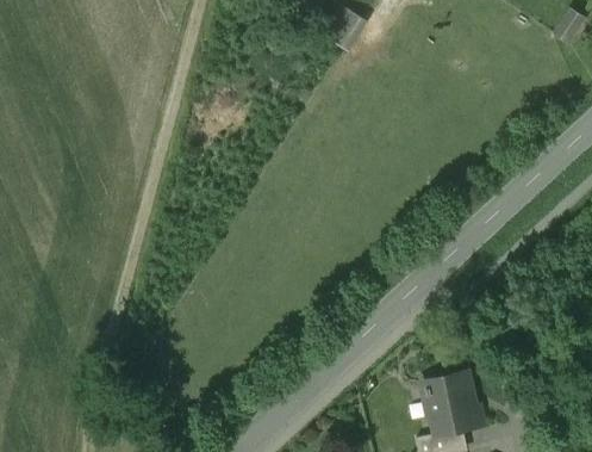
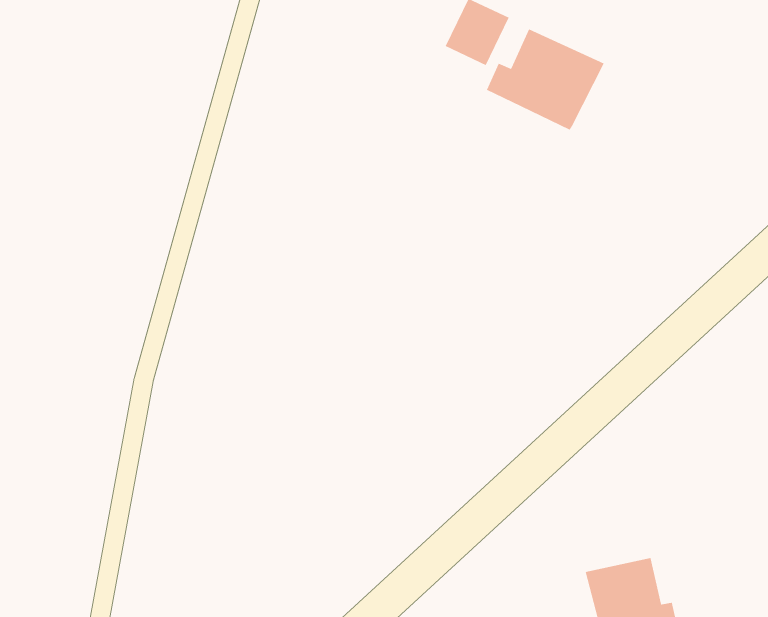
building: none -> [486,29,605,131]

